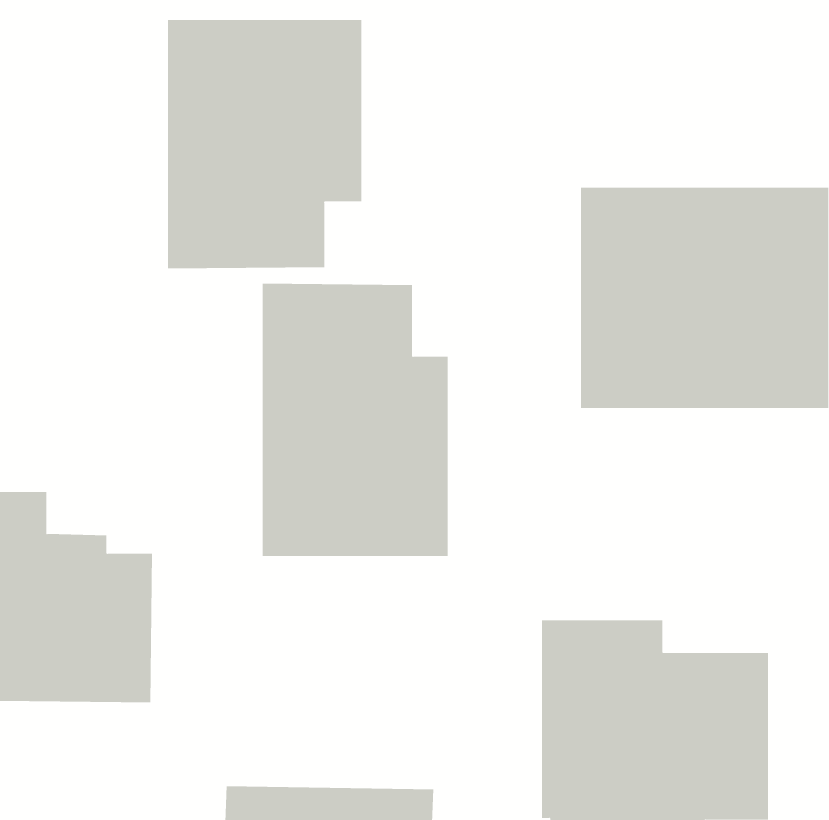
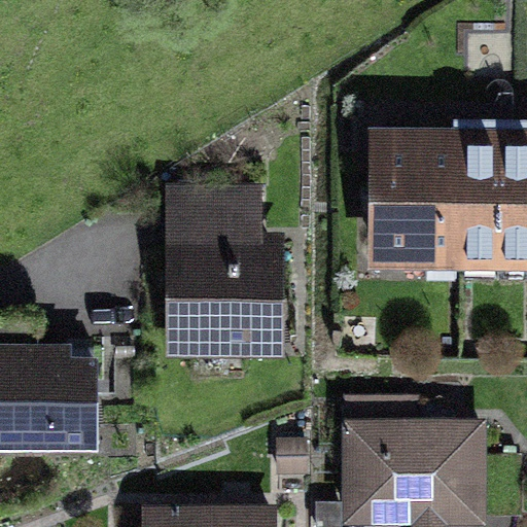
building: [167,19,362,269] -> none

